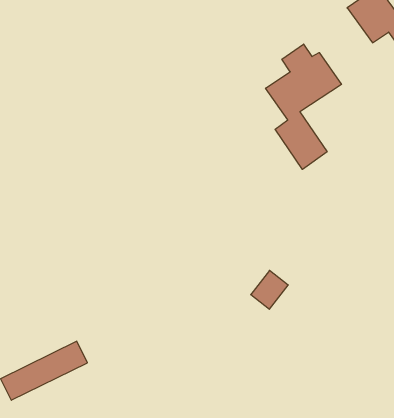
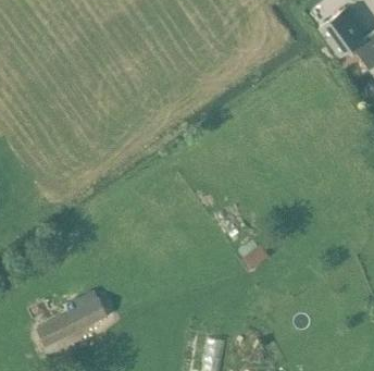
building: [266,44,341,169] -> none

